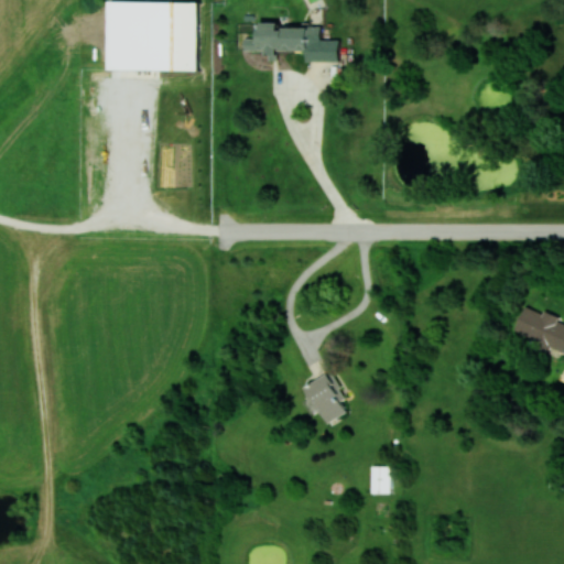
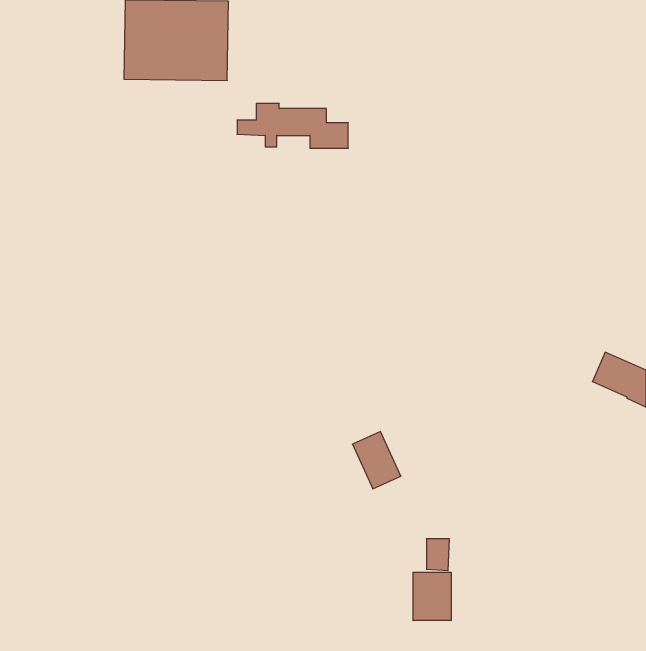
building: [240,23,336,62] -> [237,104,348,148]
building: none -> [413,572,451,621]

